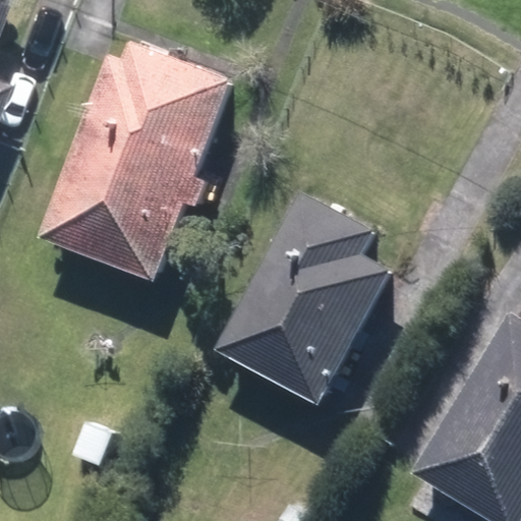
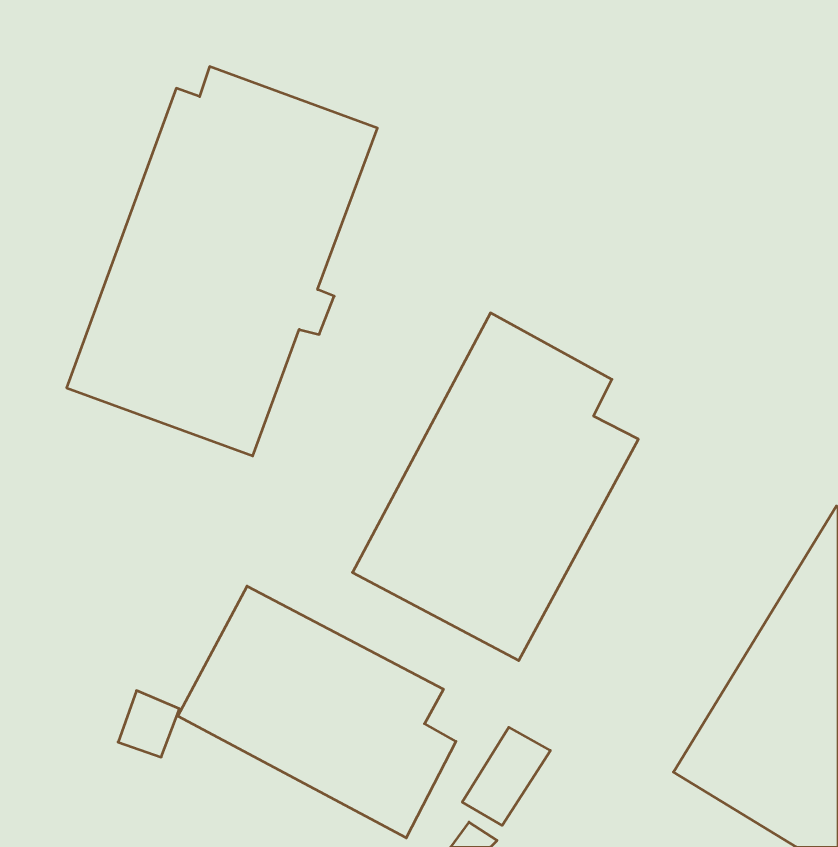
building: none -> [178,586,456,838]

